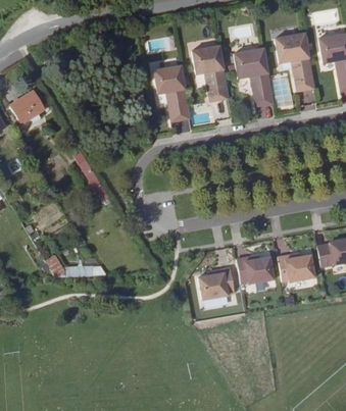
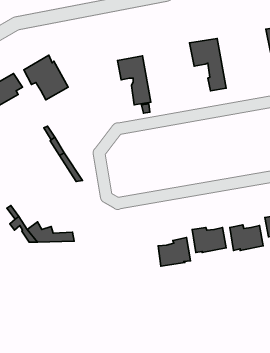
building: [275,33,314,92] -> none
building: [192,47,229,101] -> none
building: none -> [24,55,68,100]

